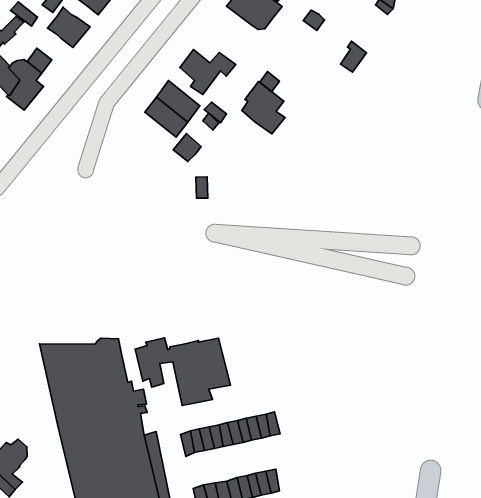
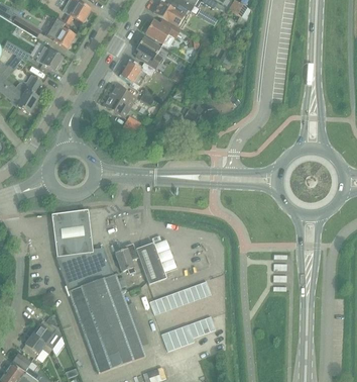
building: [242,82,285,134] -> [135,36,162,68]
building: none -> [50,208,91,256]

